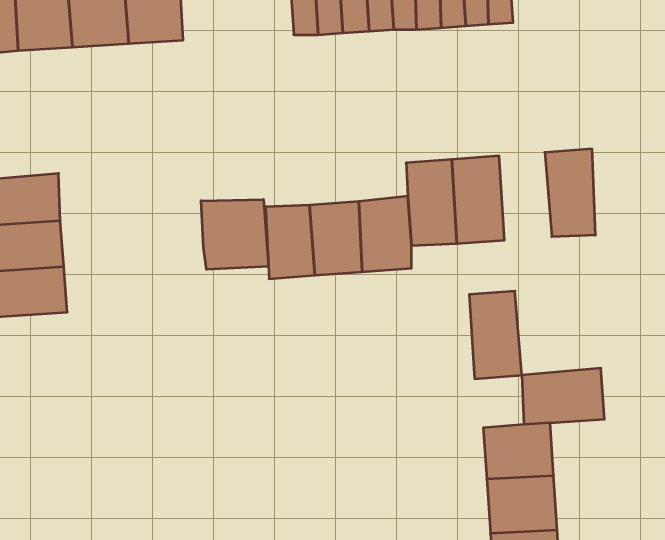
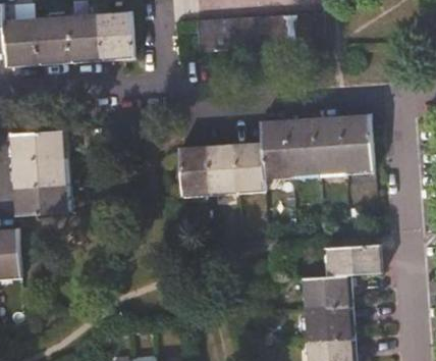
building: [201,199,269,269] -> none
building: [469,291,522,379] -> [315,119,345,170]

